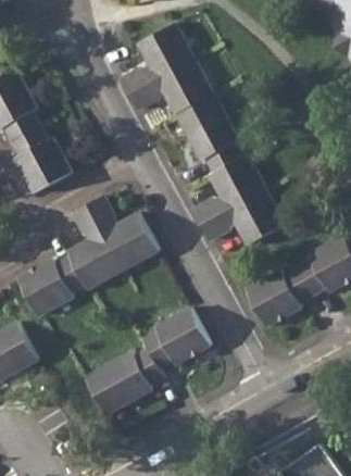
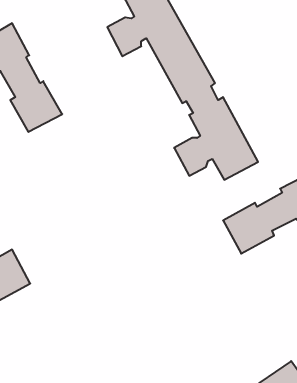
building: [17,195,158,314] -> none
building: [85,308,209,413] -> none

